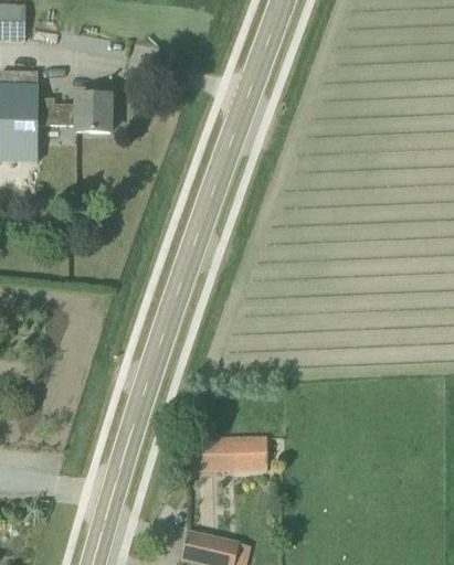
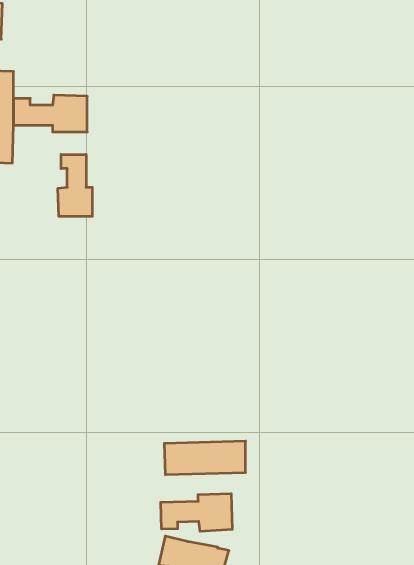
building: none -> [58,154,92,216]
building: none -> [161,494,232,531]

